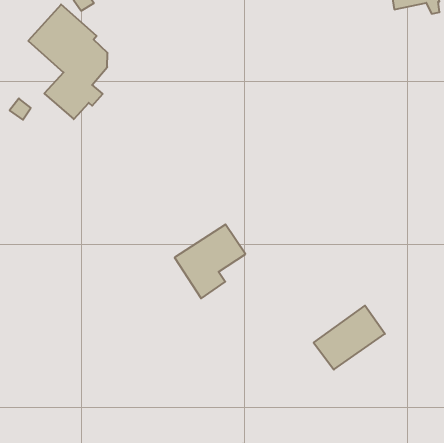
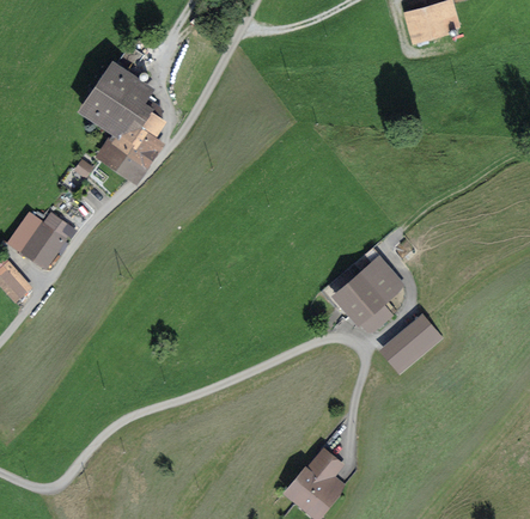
building: [175,224,245,298] -> [335,258,400,329]

